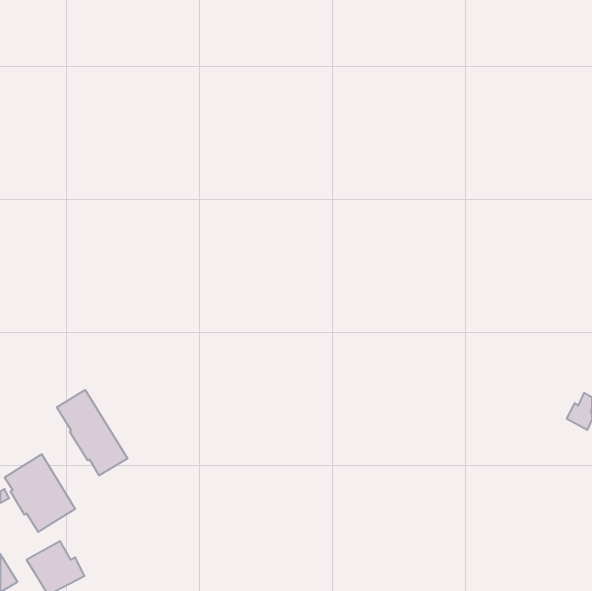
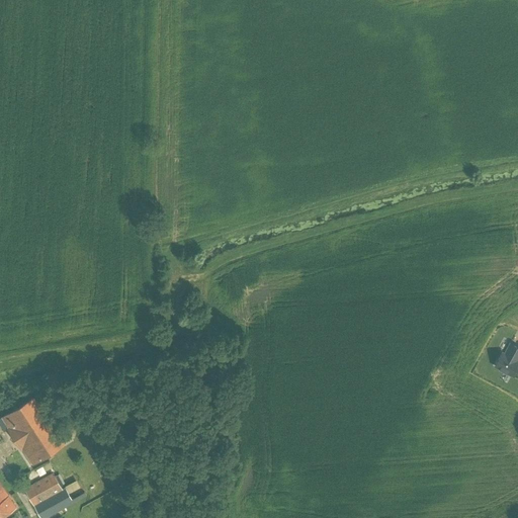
building: [57,390,128,476] -> none

